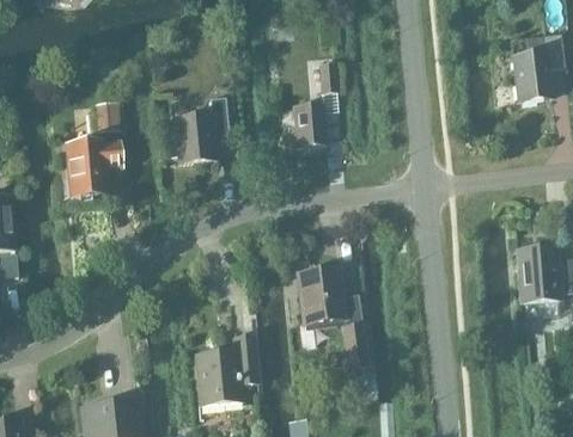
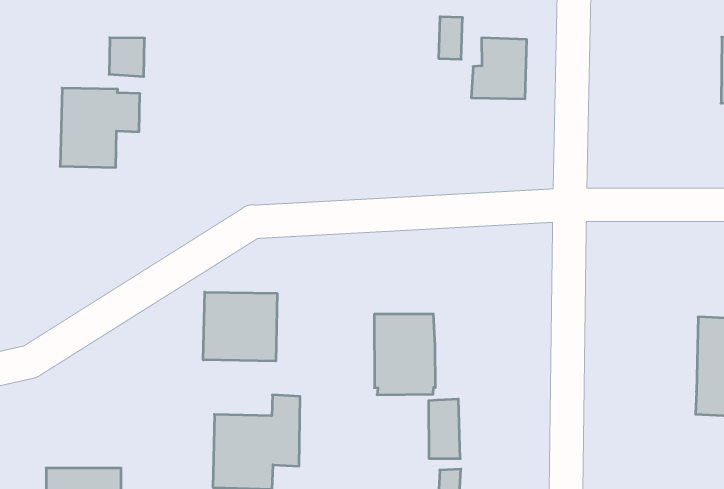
building: [161,97,227,162] -> none
building: [288,103,327,147] -> [471,38,527,99]
building: none -> [203,292,277,361]

